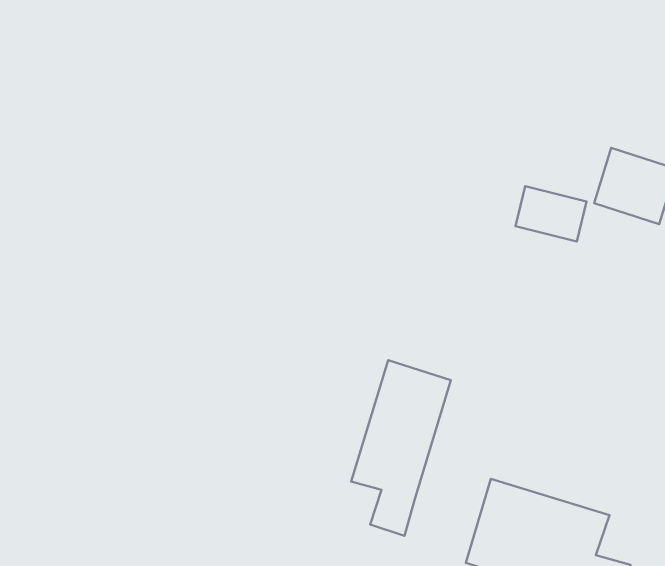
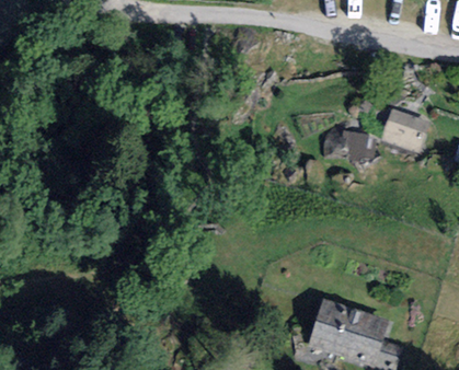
building: [351,360,451,536] -> none

